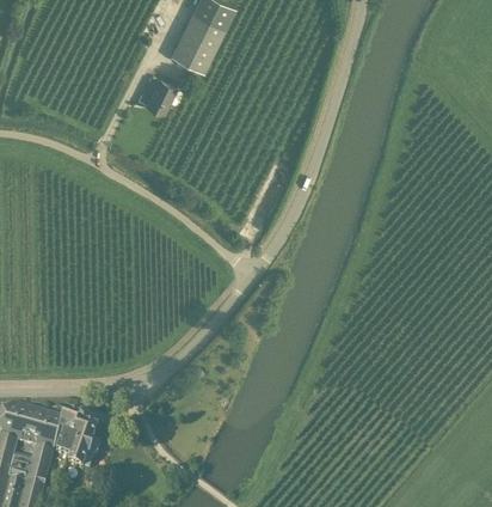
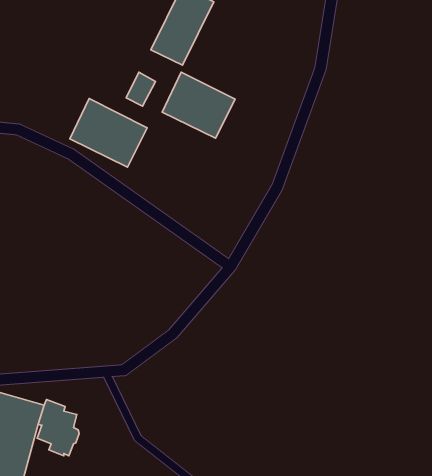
building: none -> [162,72,235,138]
building: none -> [70,99,147,167]

